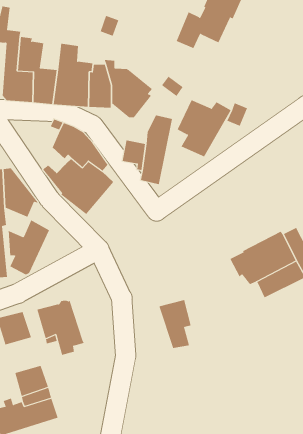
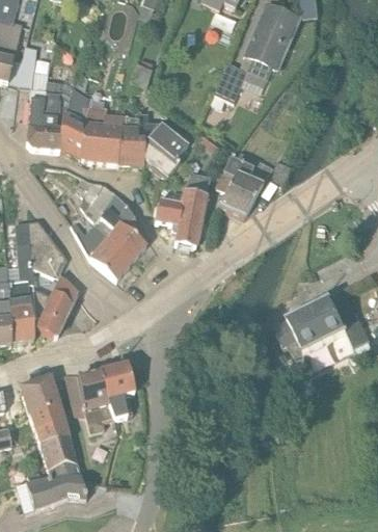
building: none -> [69,88,90,119]
building: [159,300,192,348] -> [101,361,136,414]
building: none -> [30,409,70,448]

